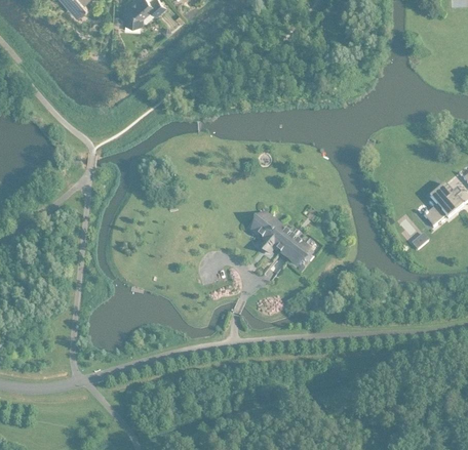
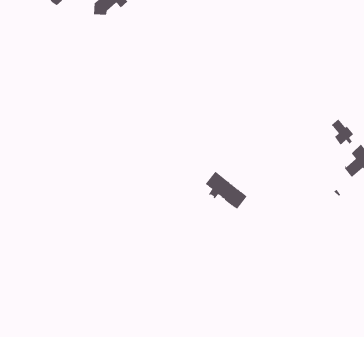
building: none -> [331,119,354,146]

